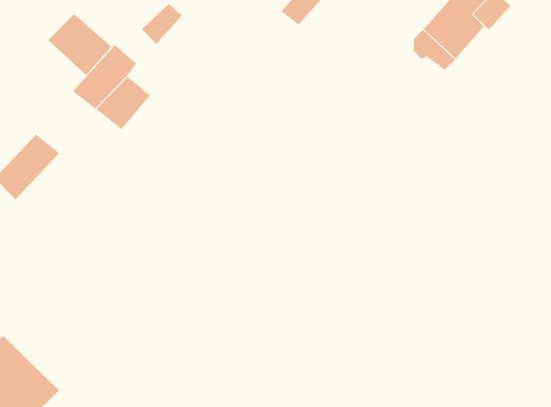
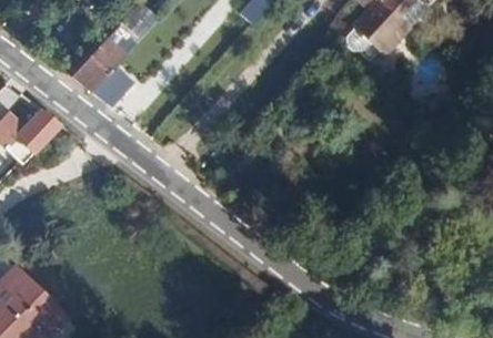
building: [47,13,112,76] -> none

